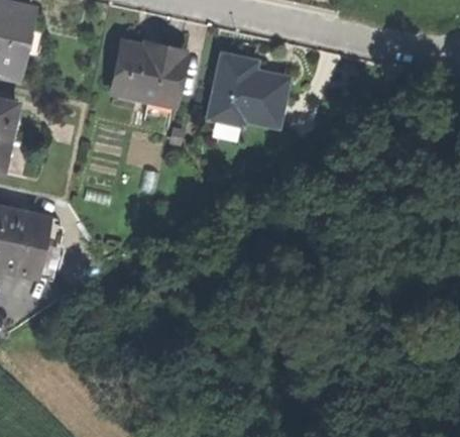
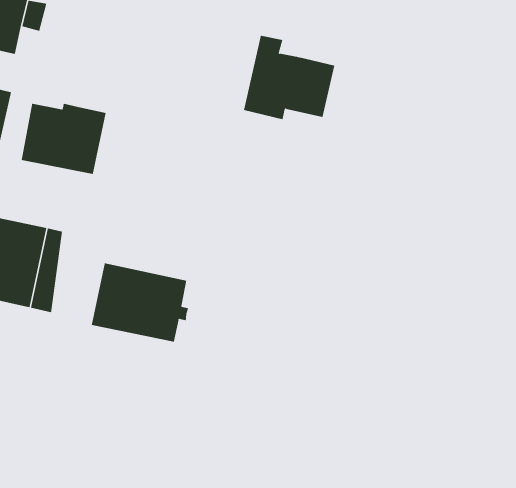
building: [112,42,184,102] -> [21,103,107,175]
building: none -> [91,262,189,342]

